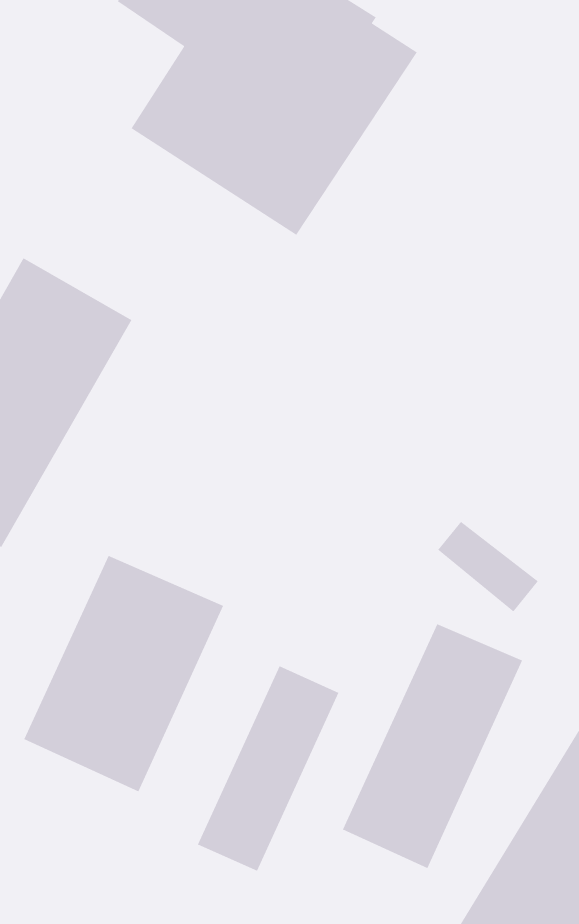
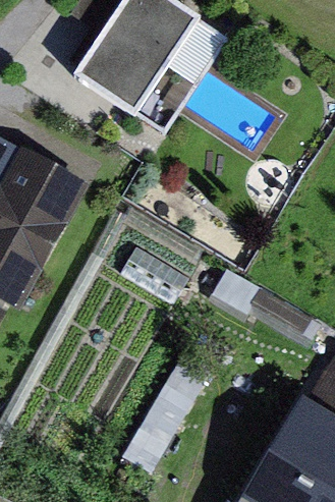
building: [23,555,224,792] -> none
building: [342,623,523,869] -> none

